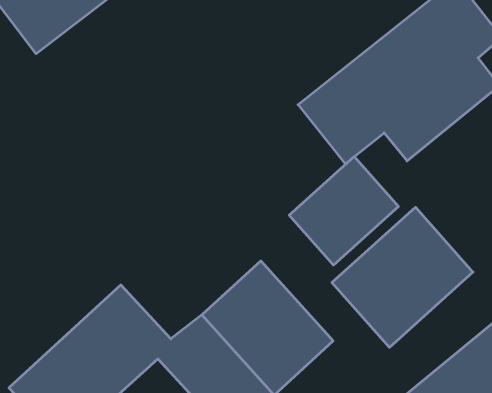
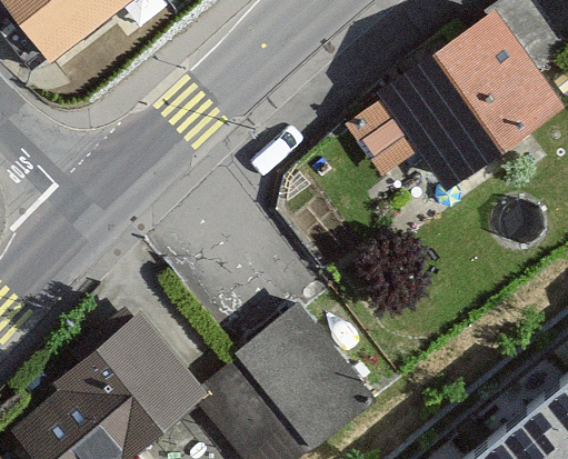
building: [289,157,398,265] -> none
building: [332,207,473,347] -> none

